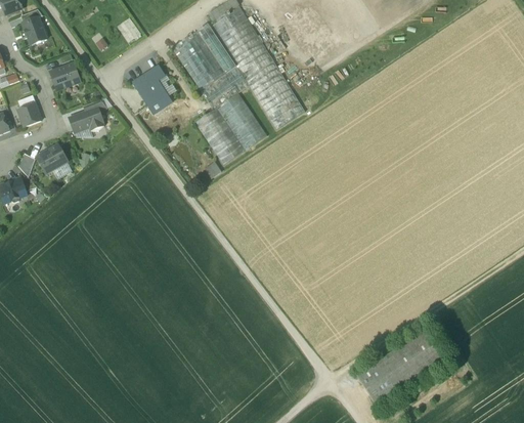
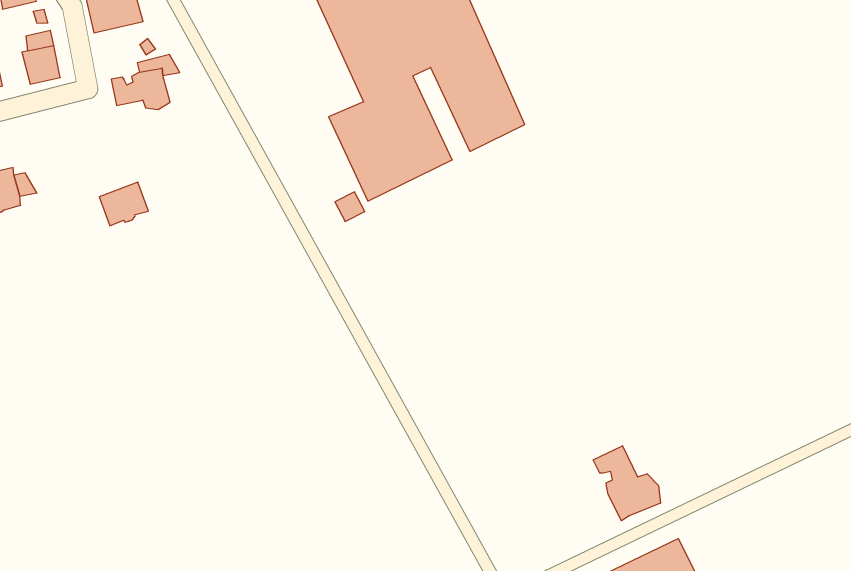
building: [134,66,171,111] -> none
building: [37,145,66,172] -> [99,182,148,226]
building: none -> [593,446,660,521]

